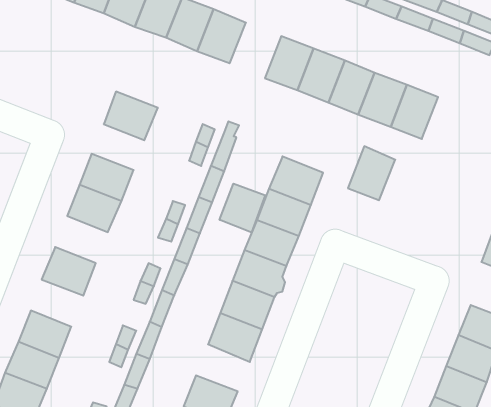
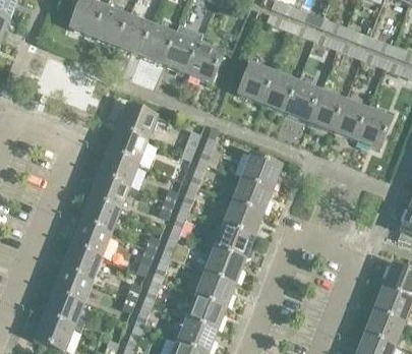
building: none -> [108,128,148,163]
building: [348,146,395,200] -> [356,108,392,149]
building: [220,184,265,233] -> none
building: none -> [80,197,120,233]
building: none -> [62,245,102,281]
building: none -> [186,294,227,330]

